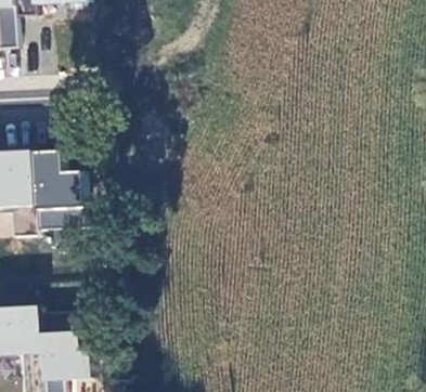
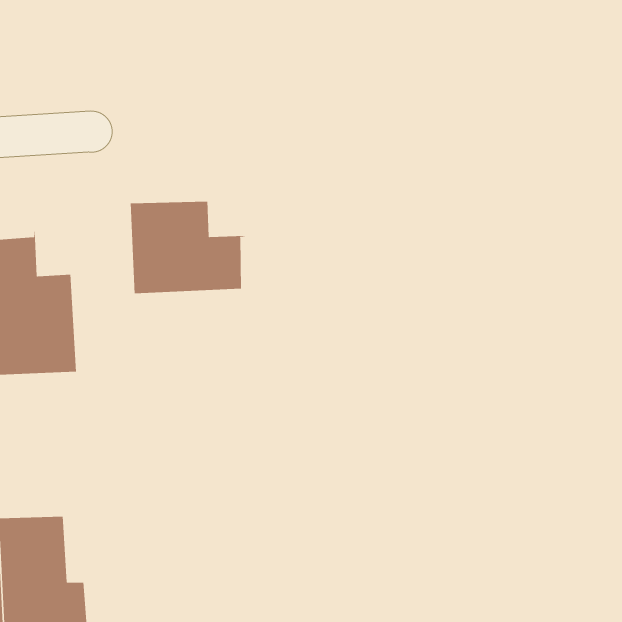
building: none -> [130,201,245,294]

